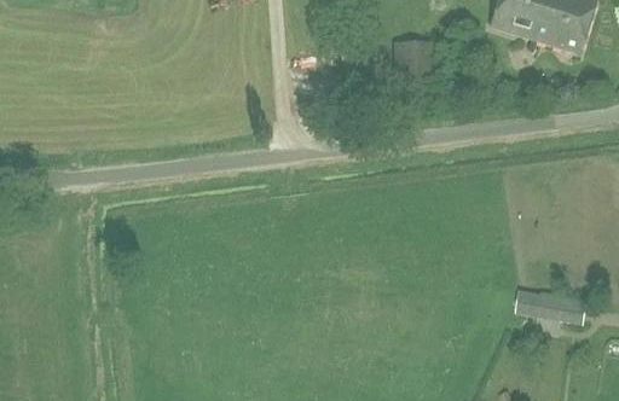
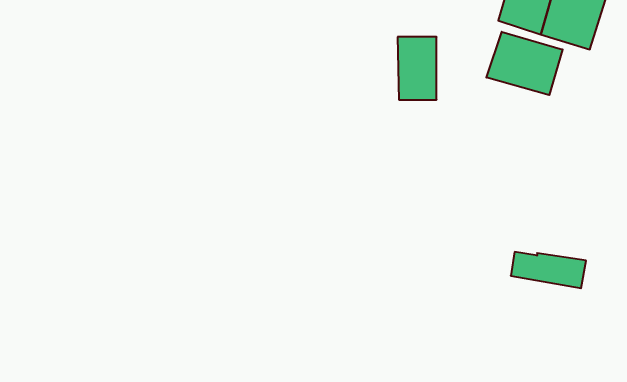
building: none -> [486,32,563,95]
building: [515,287,588,322] -> [511,252,586,288]

